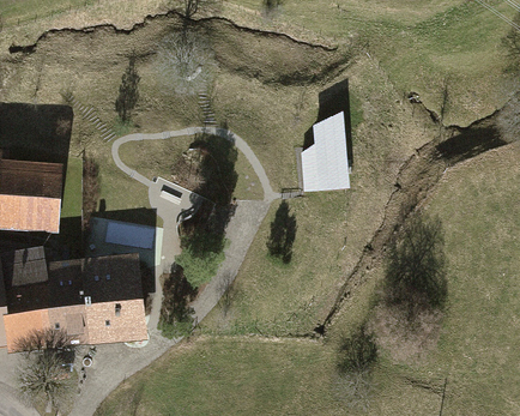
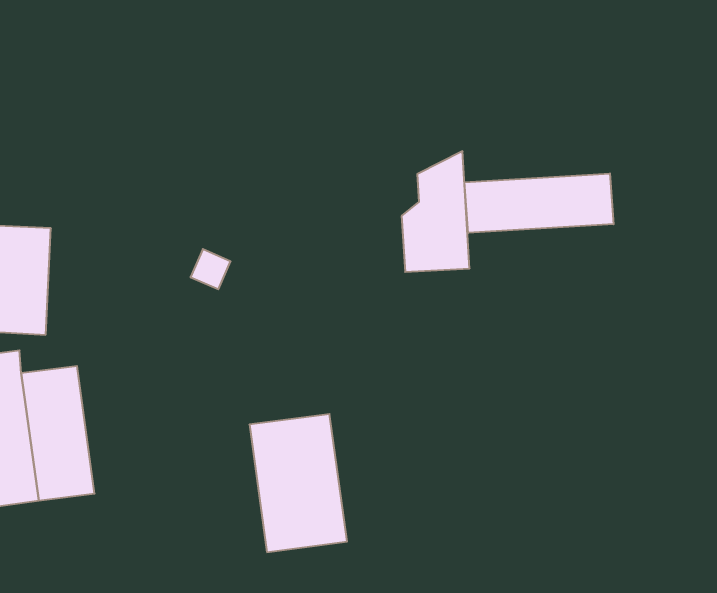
building: none -> [464,173,614,233]
building: [79,249,146,344] -> [249,414,347,552]

